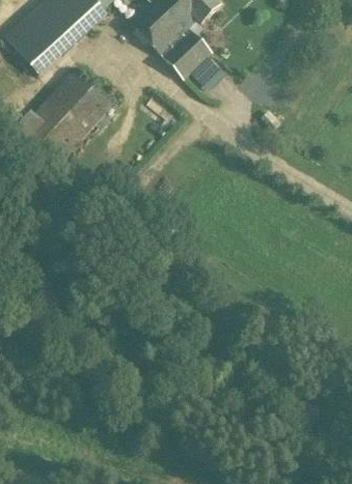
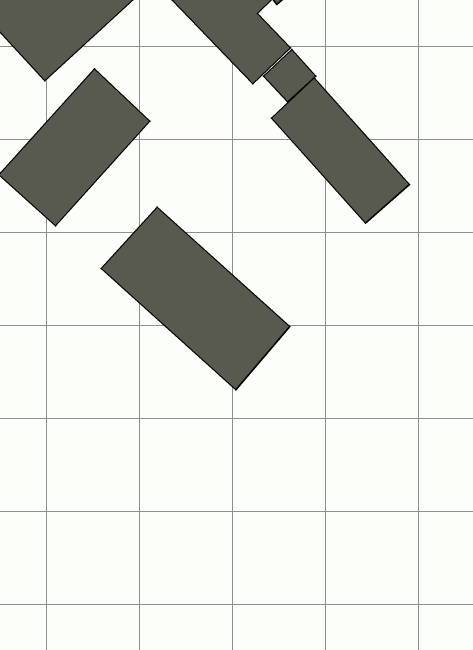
building: none -> [272,78,410,223]
building: none -> [101,207,290,390]

